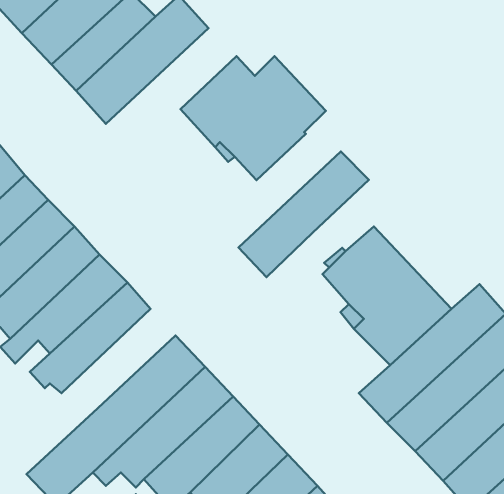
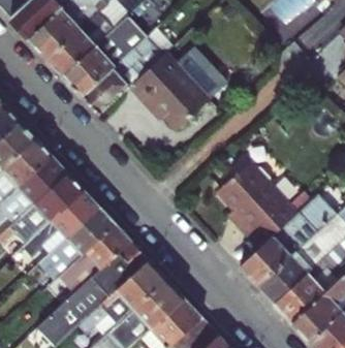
building: [238,152,369,277] -> [83,39,164,118]
building: none -> [44,215,126,285]

